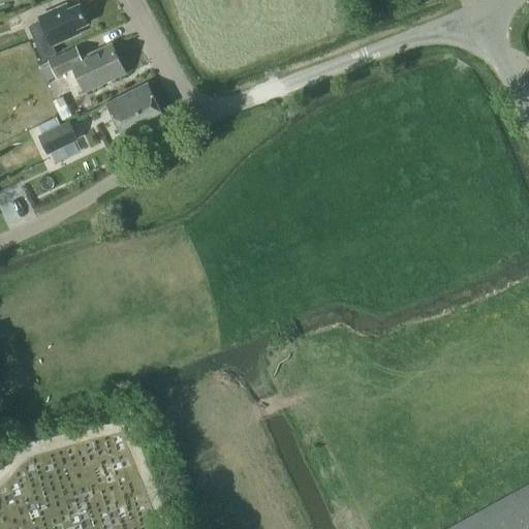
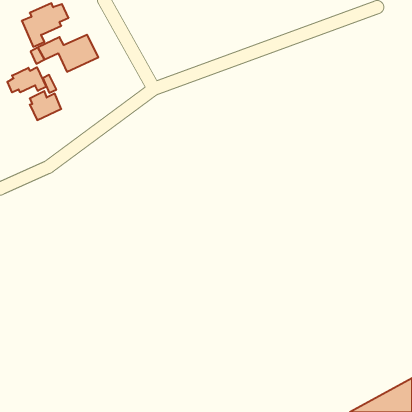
building: [107,84,166,143] -> none
building: none -> [7,67,46,92]

